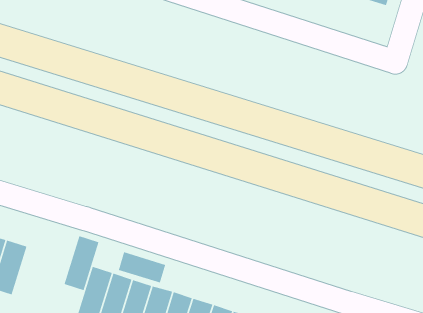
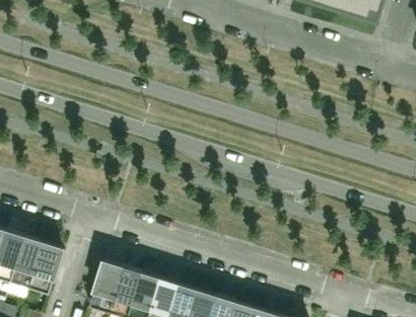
building: [63,235,100,291] -> [28,241,62,293]
building: [118,251,166,284] -> none

